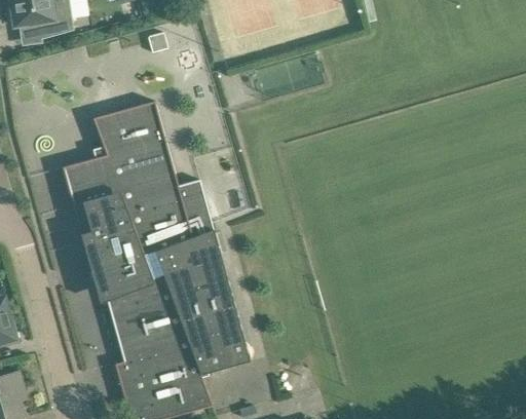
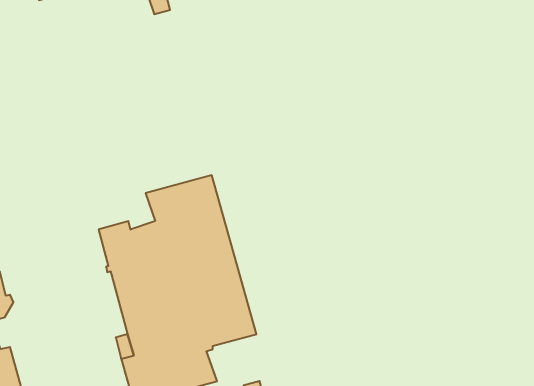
building: [62,101,206,263] -> none

